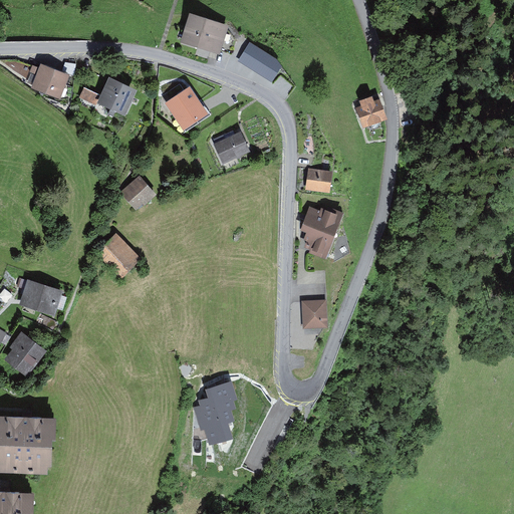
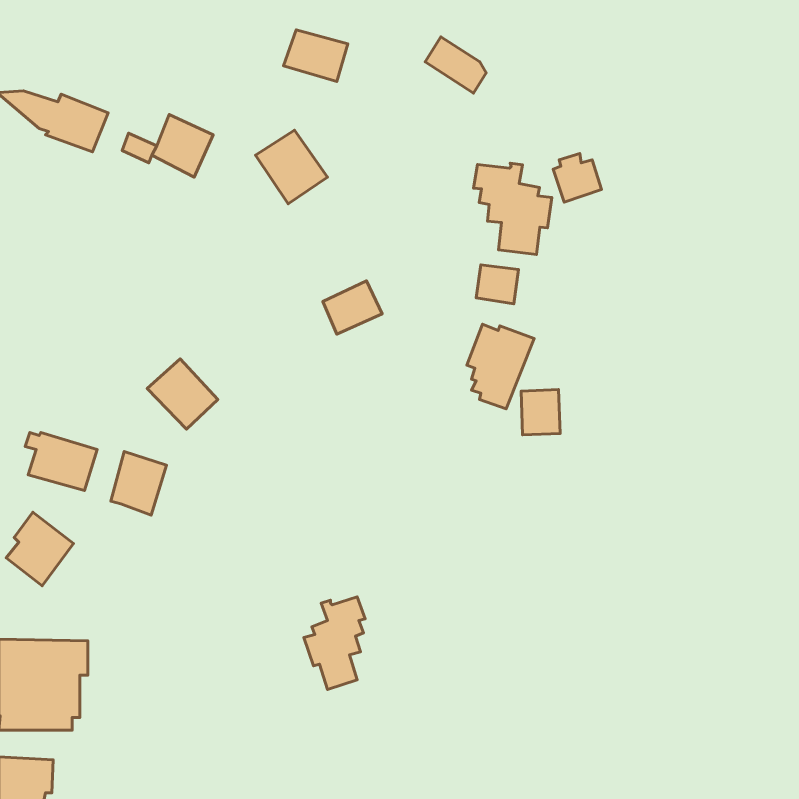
building: [239,46,278,82] -> [425,37,486,93]
building: none -> [474,163,552,254]
building: [212,130,250,164] -> [323,281,382,334]
building: [121,177,154,206] -> none
building: none -> [111,452,166,515]
building: [301,299,326,328] -> [521,390,560,435]

